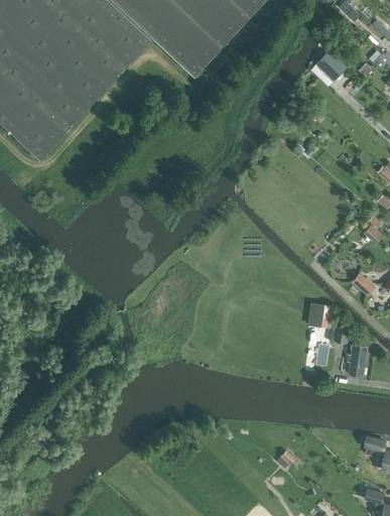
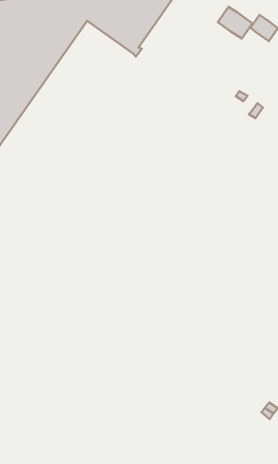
building: none -> [218,7,253,39]

